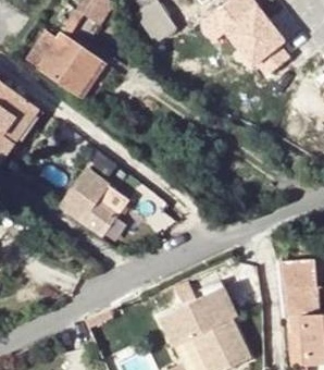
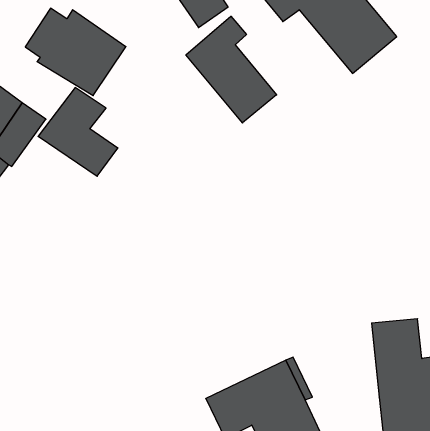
building: none -> [186,16,277,123]
building: [59,171,117,236] -> [38,88,118,176]

